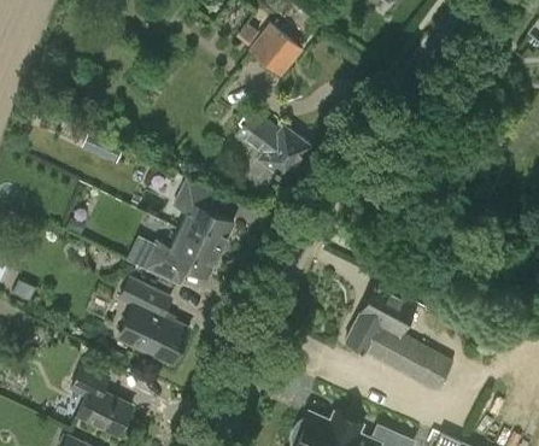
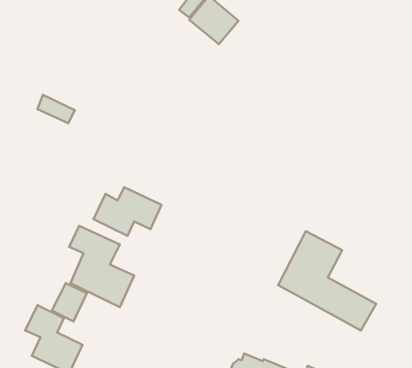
building: [236,112,310,180] -> none
building: [172,178,234,253] -> none
building: none -> [52,283,87,321]

